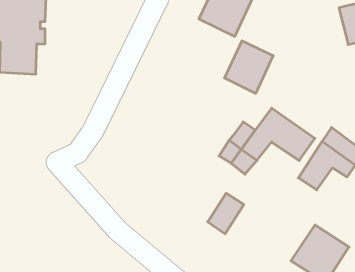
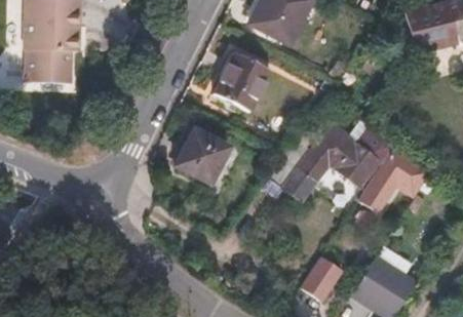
building: [224,41,273,93] -> [218,52,272,111]
building: none -> [177,130,231,186]
building: [208,193,244,234] -> [300,256,340,302]

